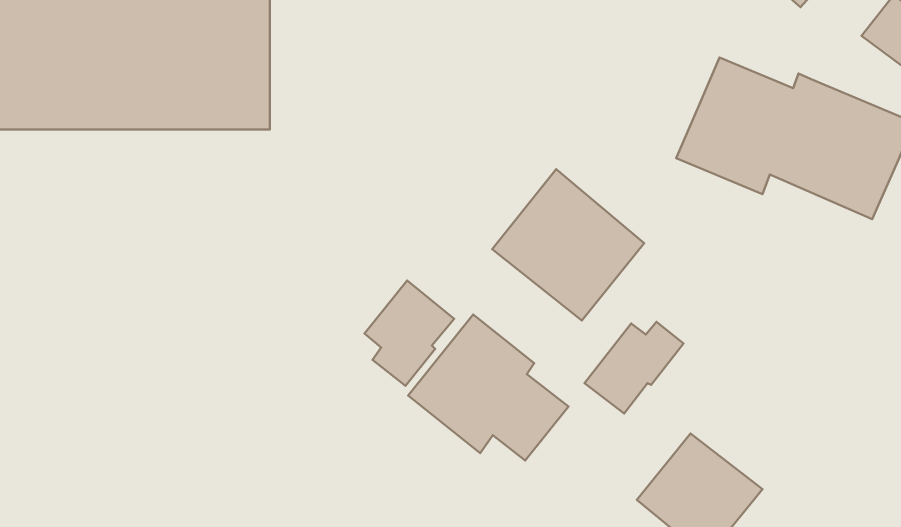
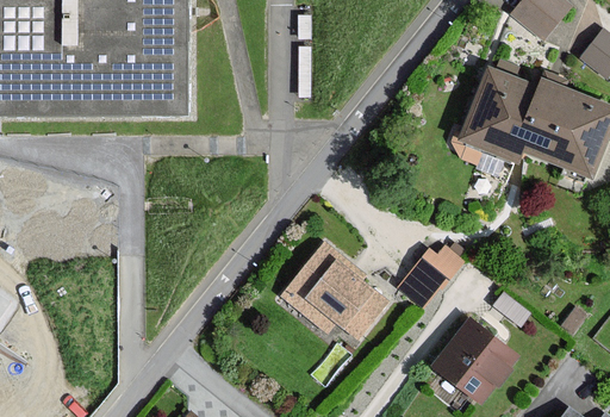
building: [492,169,644,320] -> none
building: [364,280,454,386] -> none

